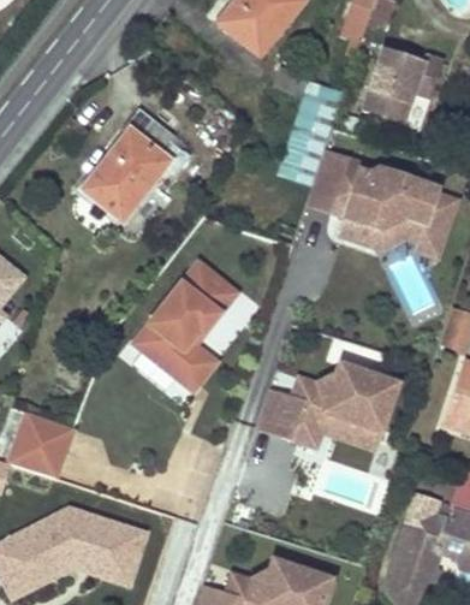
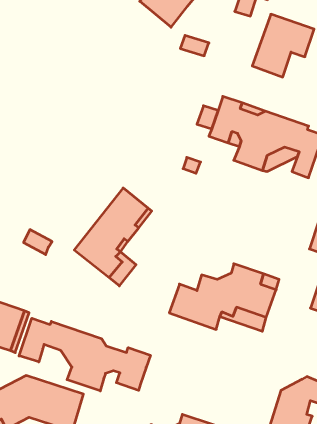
building: [84,111,191,220] -> none
building: none -> [19,318,150,391]

